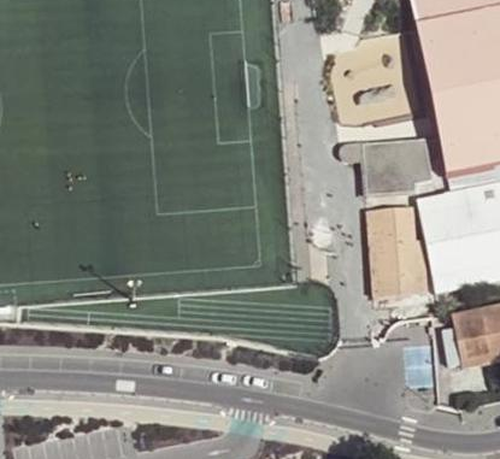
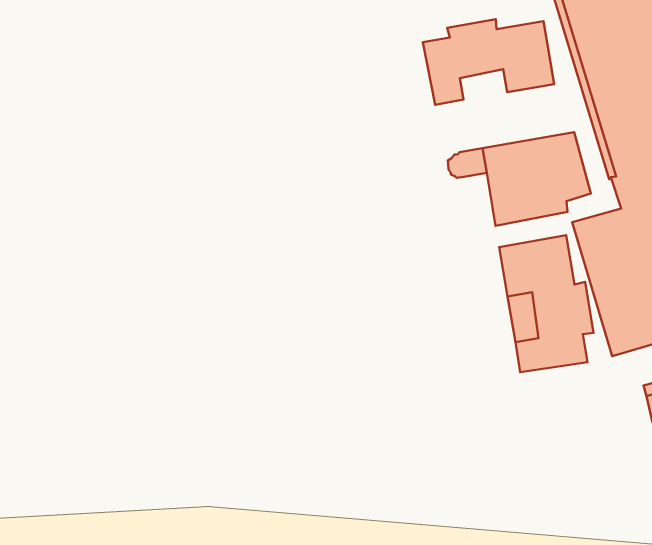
building: none -> [423,19,554,105]

